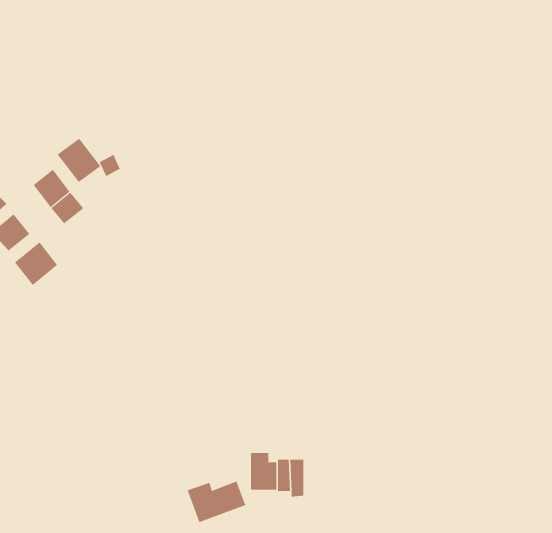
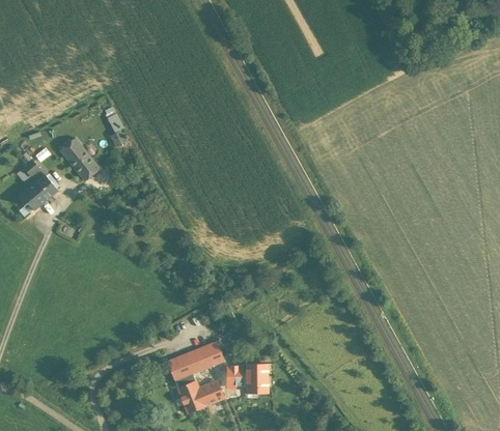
building: [57,138,101,183] -> none
building: [14,242,58,286] -> none
building: none -> [166,342,223,387]

